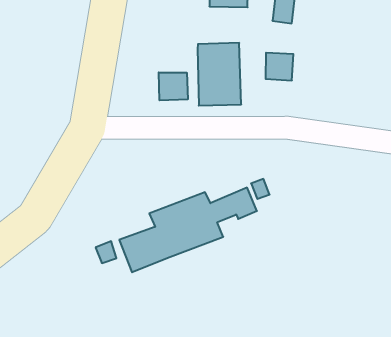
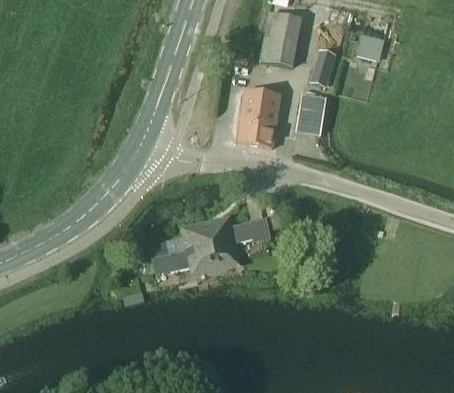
building: [159,72,188,100] -> none

